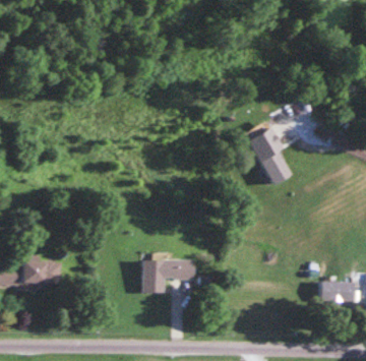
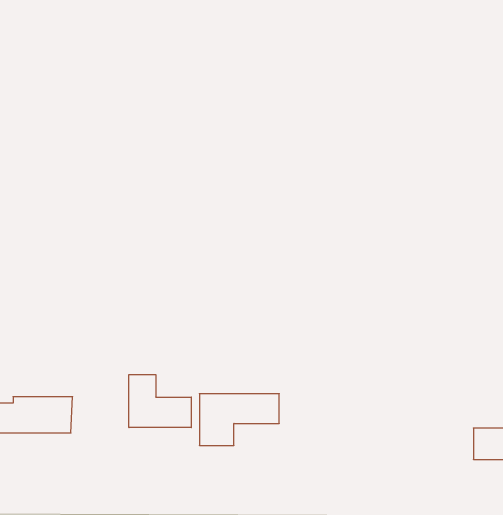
building: [248,127,292,185] -> none
building: none -> [129,375,191,428]

